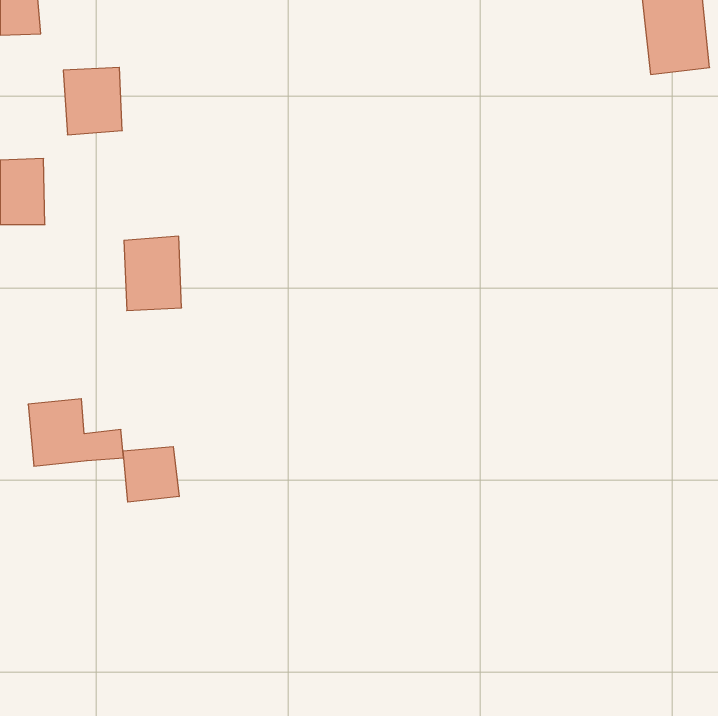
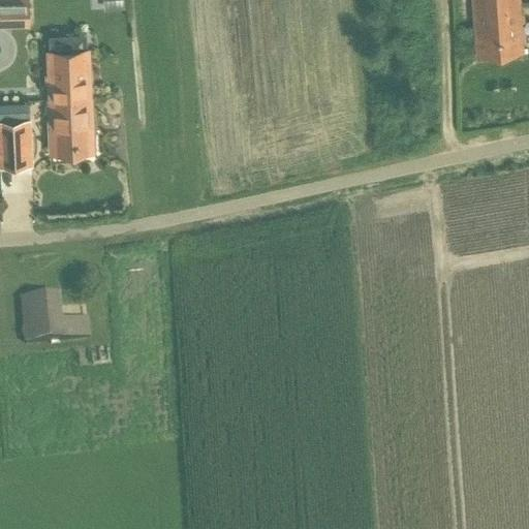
building: [124,236,182,311] -> [50,96,92,151]
building: [123,447,179,502] -> none

